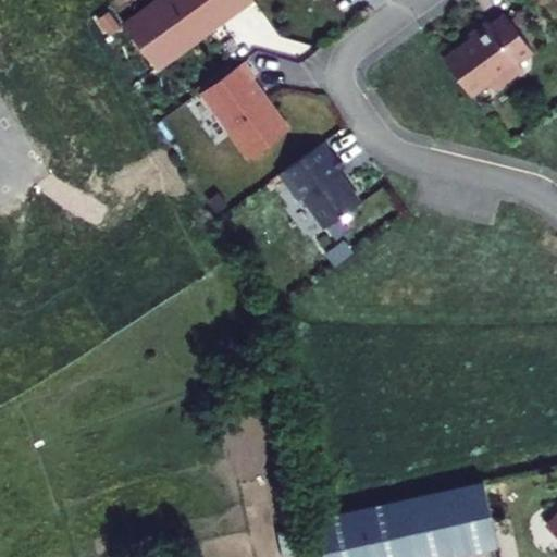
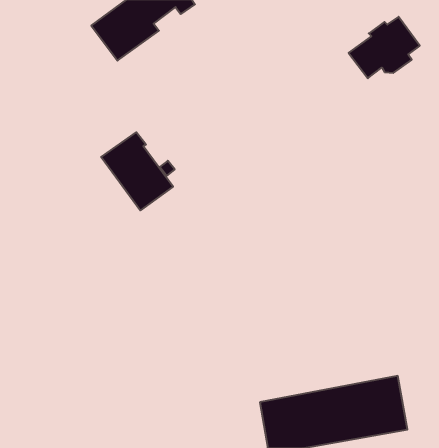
building: [201,67,290,164] -> [101,132,173,210]
building: [281,149,360,233] -> none

